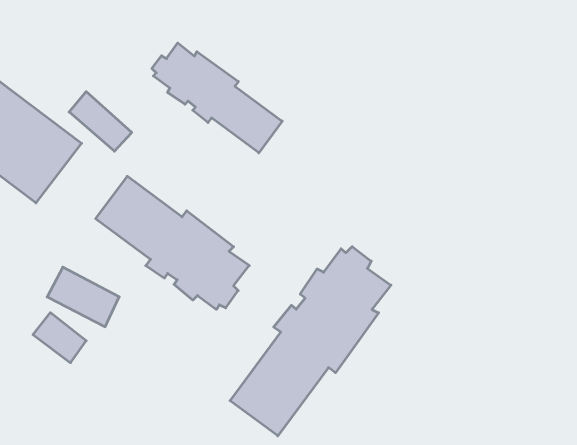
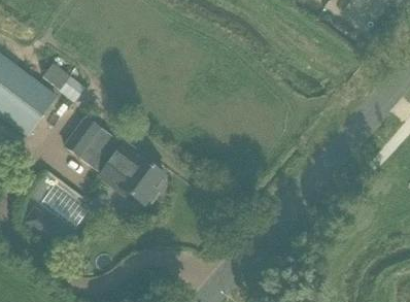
building: [152,43,282,153] -> none
building: [230,247,391,436] -> none

